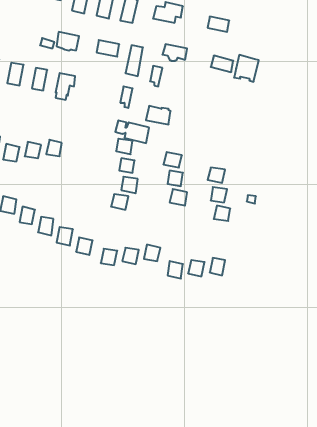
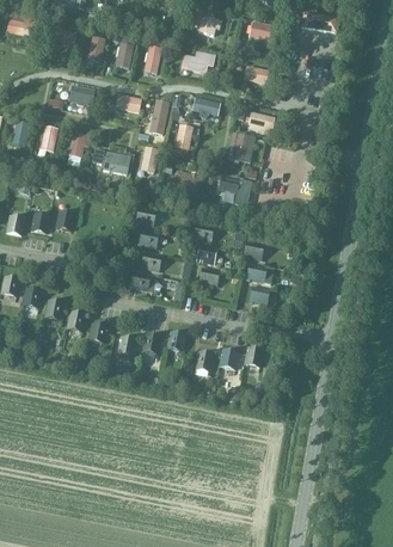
building: [234,55,259,82] -> [226,133,254,164]
building: none -> [217,177,251,207]
building: [115,120,149,143] -> [91,149,130,176]

